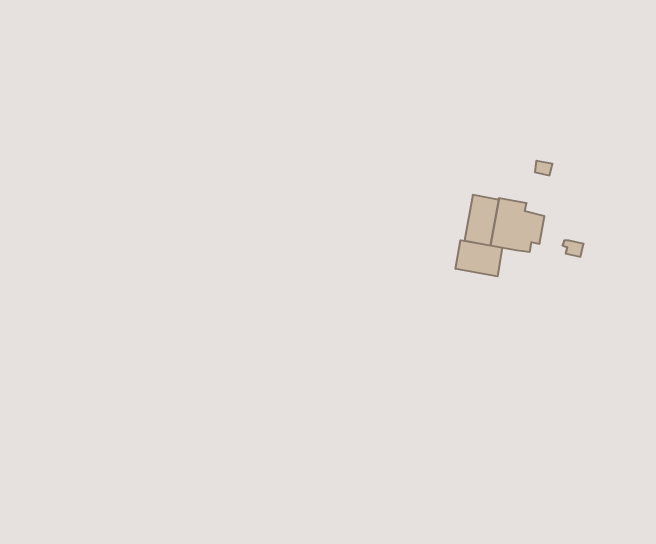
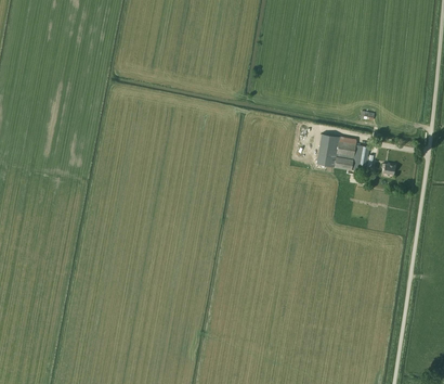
building: [456,240,502,276] -> none

